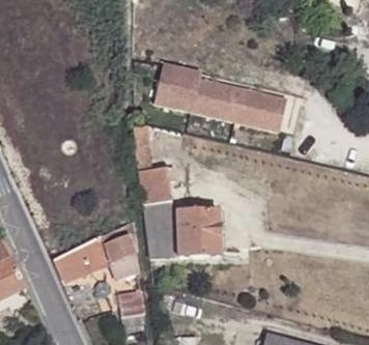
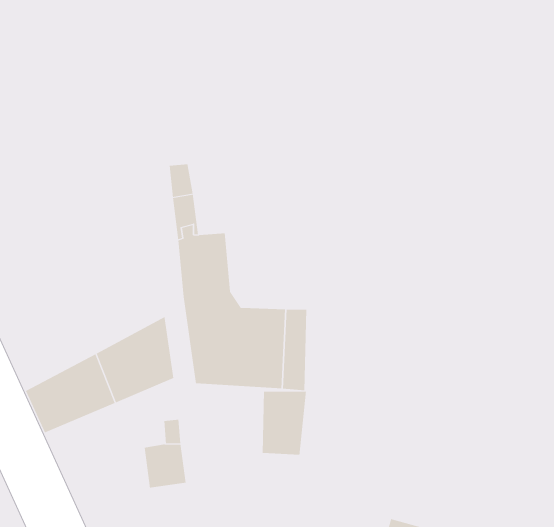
building: [158,64,289,133] -> none
building: none -> [262,391,306,455]

